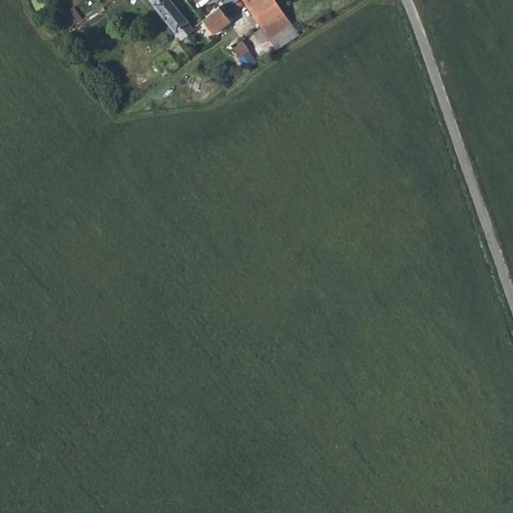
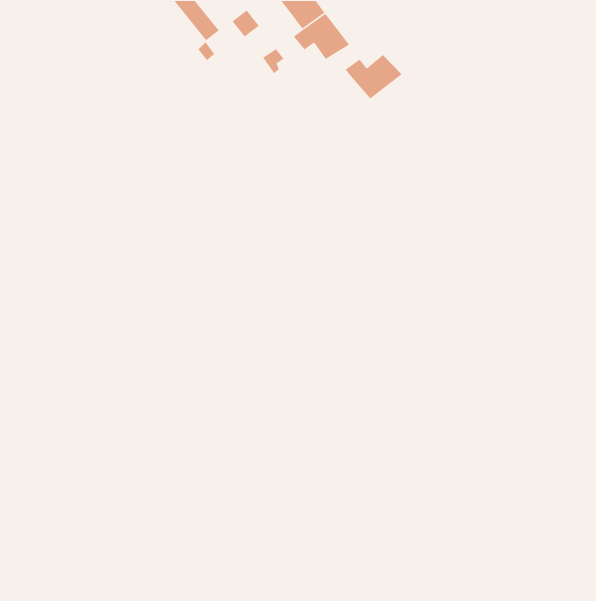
building: none -> [345,54,403,100]

